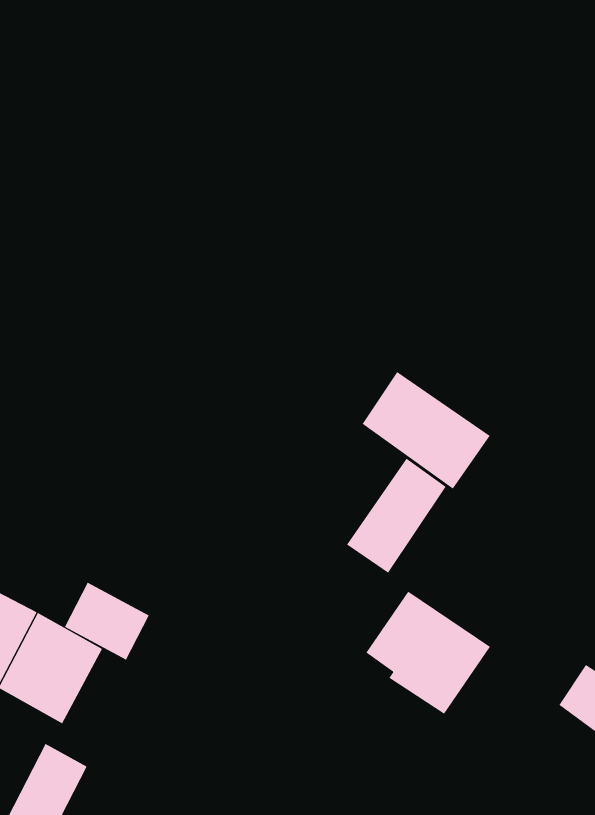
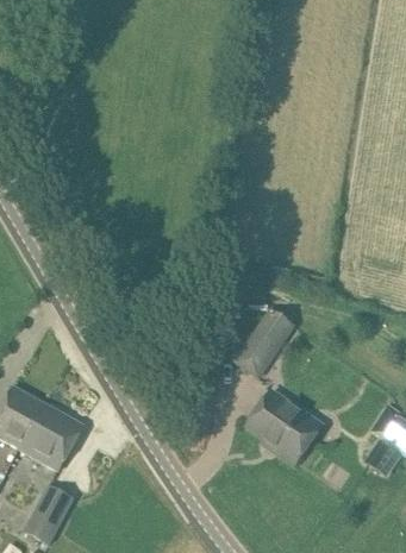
building: [362,371,491,490] -> none
building: [64,582,149,660] -> none

